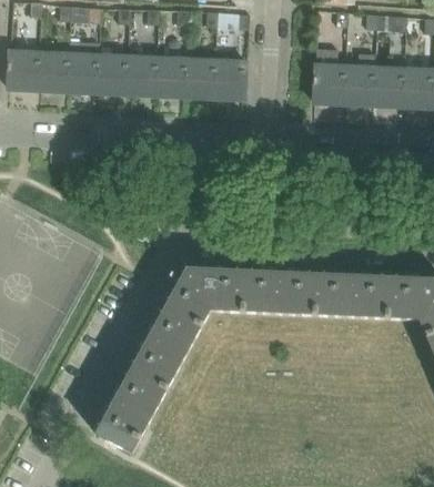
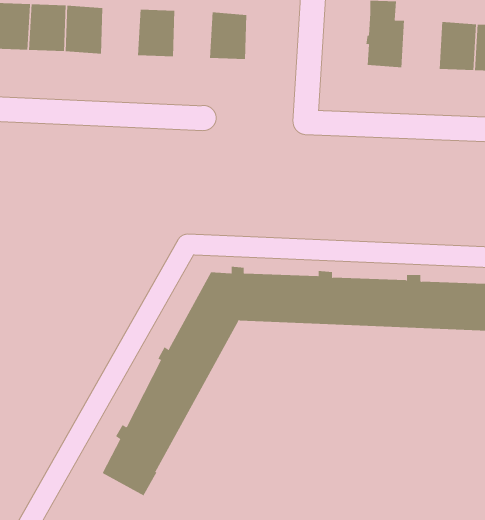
building: [97,54,128,93] -> none
building: [342,54,374,104] -> none
building: [155,57,186,95] -> none
building: [214,60,245,99] -> none

